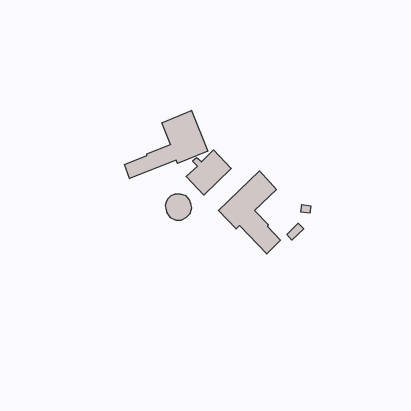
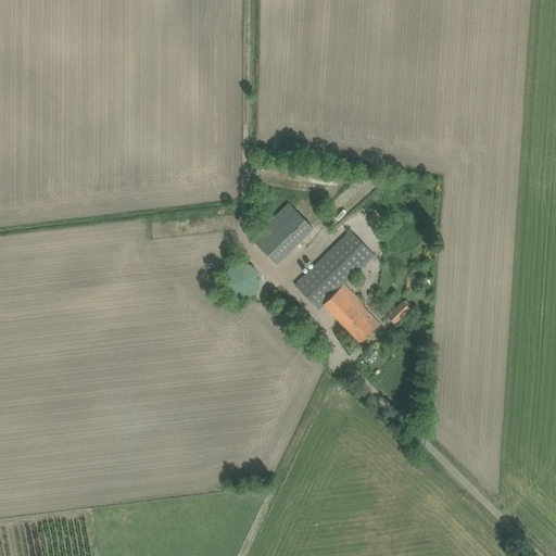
building: [124,110,208,179] -> none

